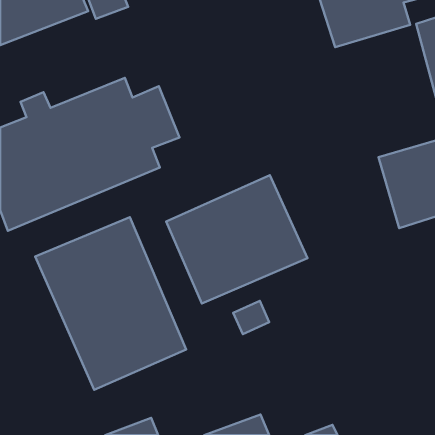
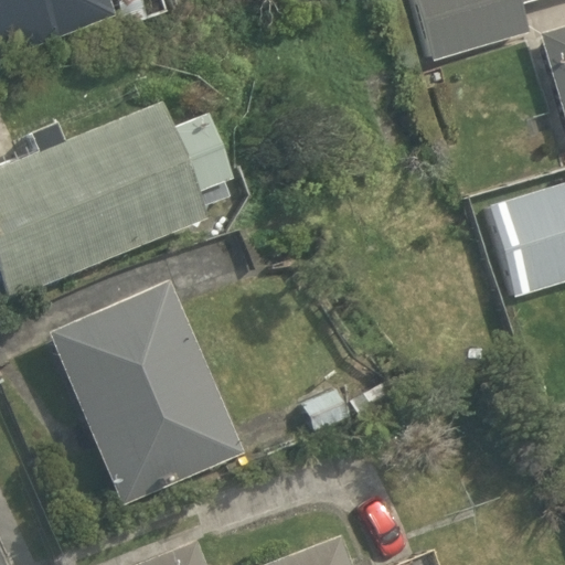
building: [166,175,308,303] -> none

